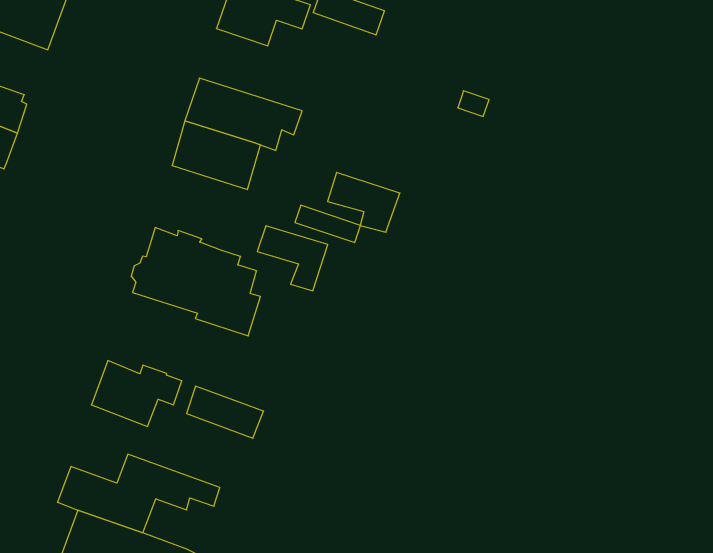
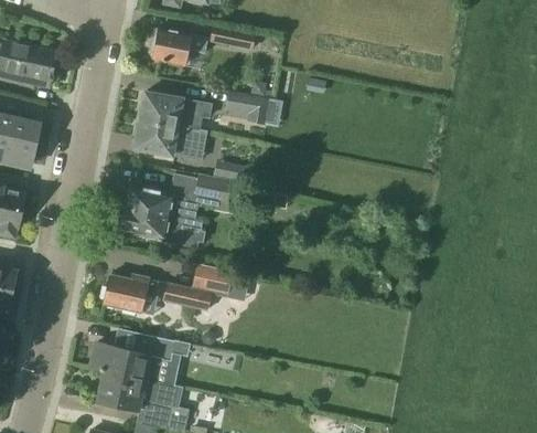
building: [328,172,400,232] -> [225,93,269,126]
building: none -> [191,265,232,297]

